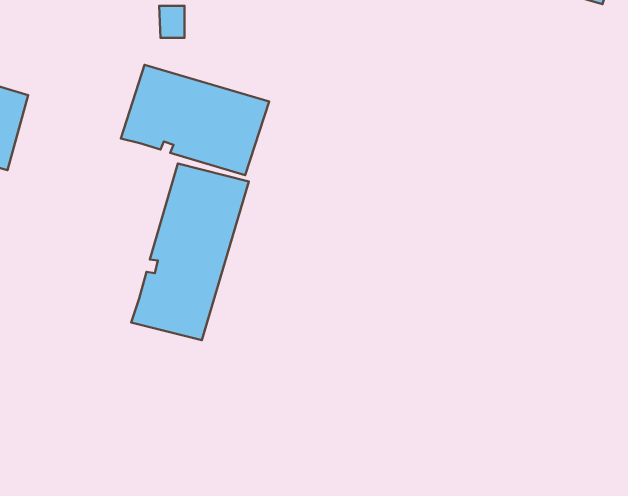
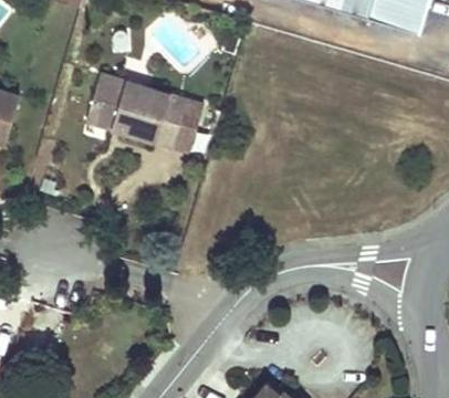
building: [131,163,249,340] -> none

